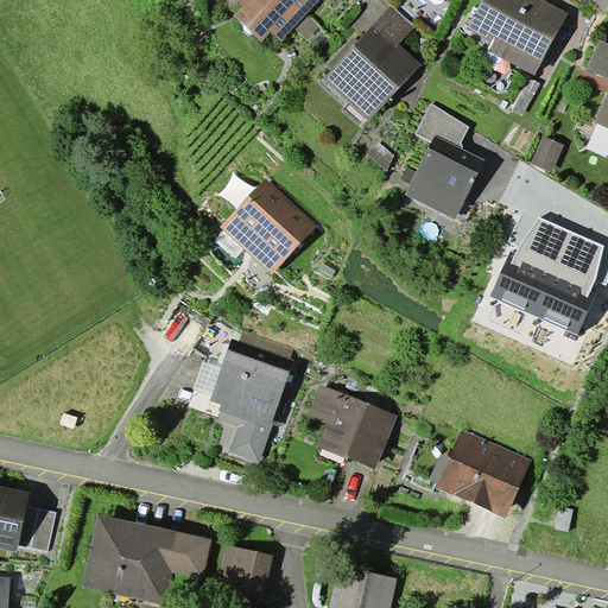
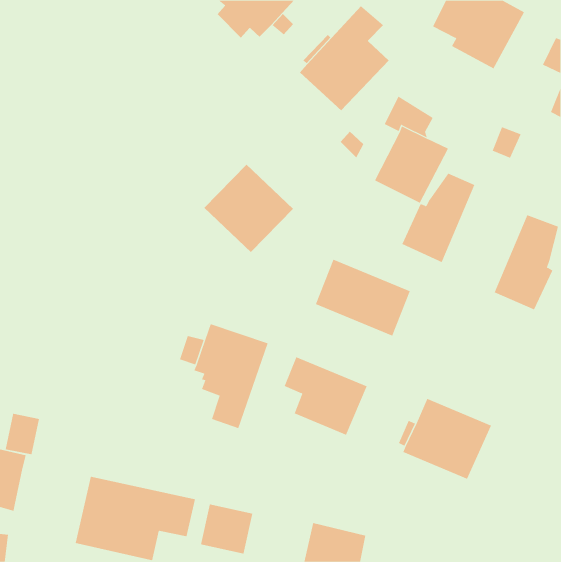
building: [489,218,569,316] -> [402,173,475,263]
building: none -> [315,259,411,337]
building: [17,506,55,551] -> [5,413,40,455]

